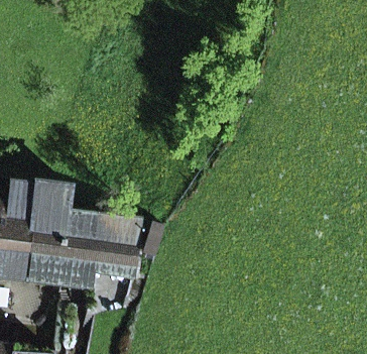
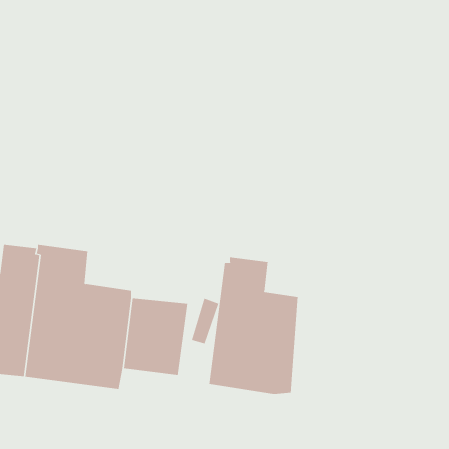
building: none -> [209,256,298,395]

